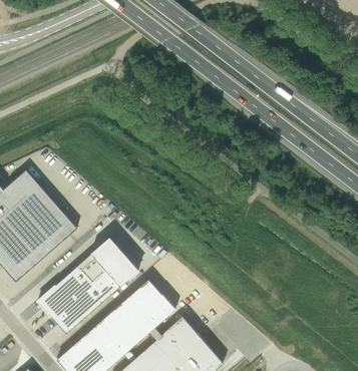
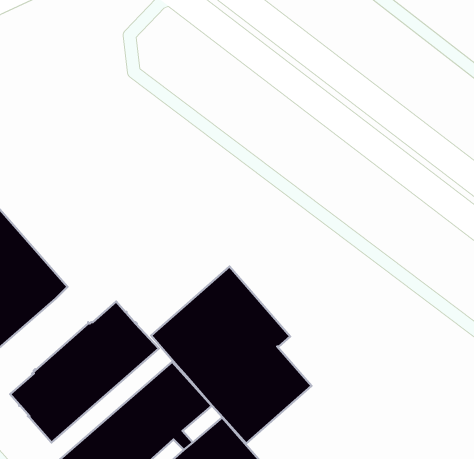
building: none -> [151,266,312,444]

